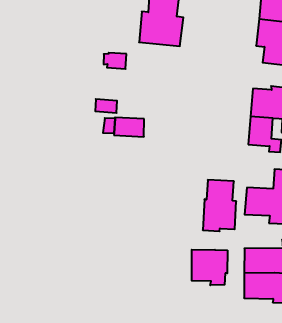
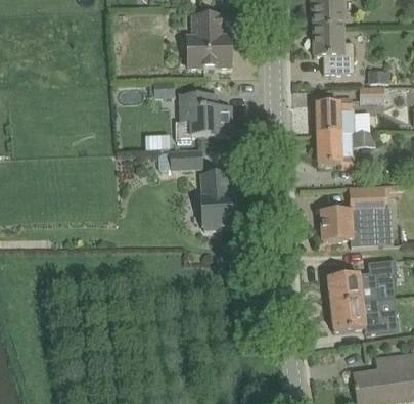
building: none -> [176,94,232,141]
building: [203,180,236,231] -> [199,172,236,229]
building: [192,250,227,285] -> none

